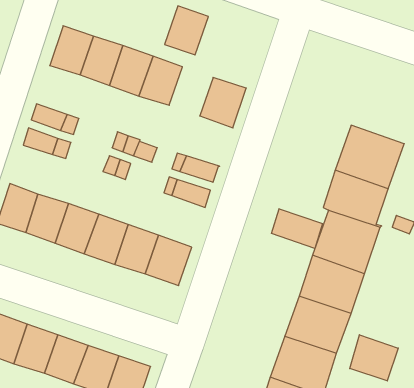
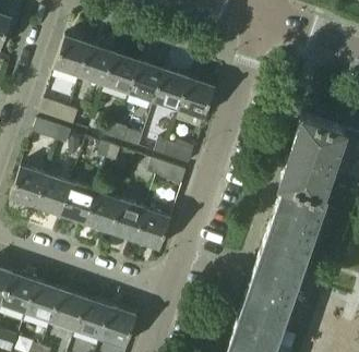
building: [165,6,208,55] -> [153,69,189,109]
building: [271,209,323,248] -> none
building: [350,335,398,381] -> none

